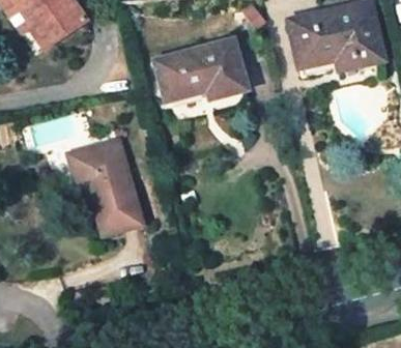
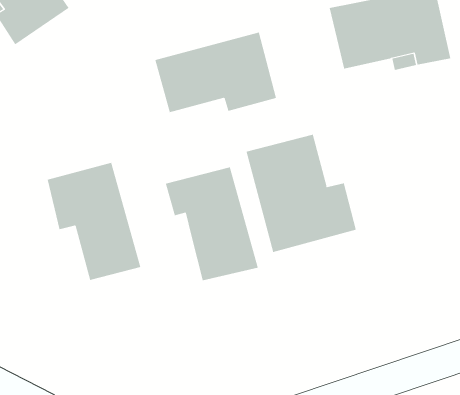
building: none -> [246,134,357,253]
building: none -> [165,167,259,281]

